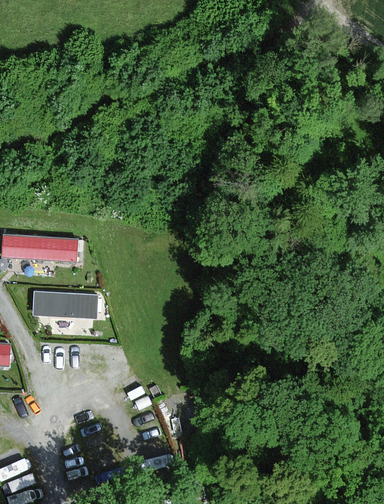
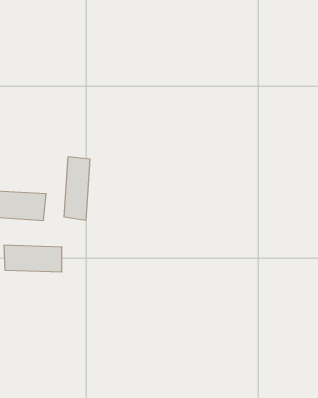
building: none -> [64,157,90,220]

